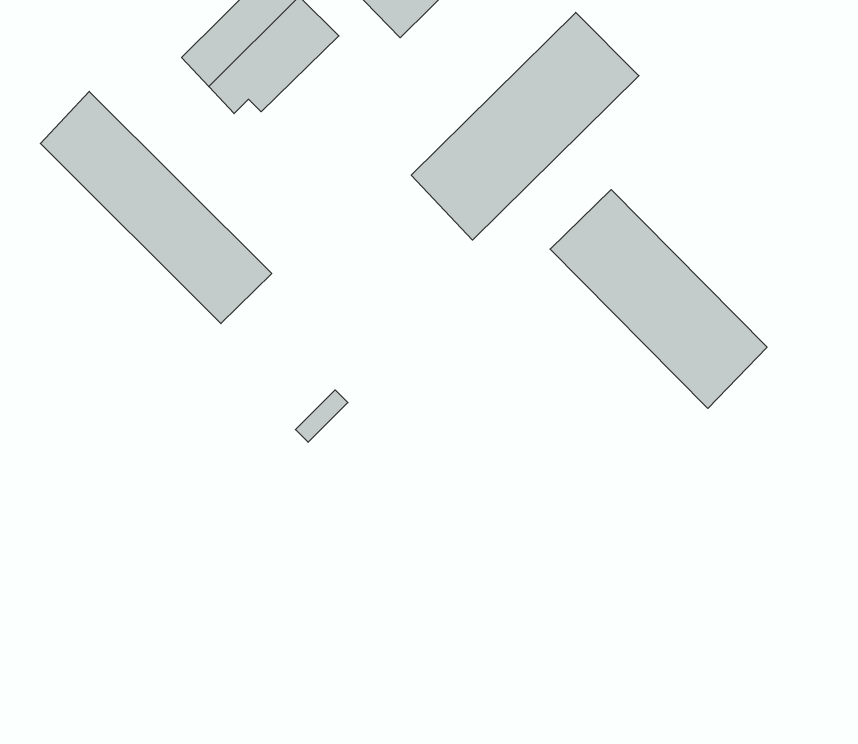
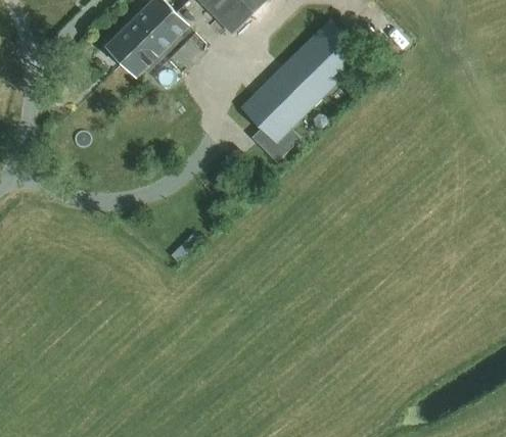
building: [40,91,272,324] -> none
building: [550,190,767,408] -> none

